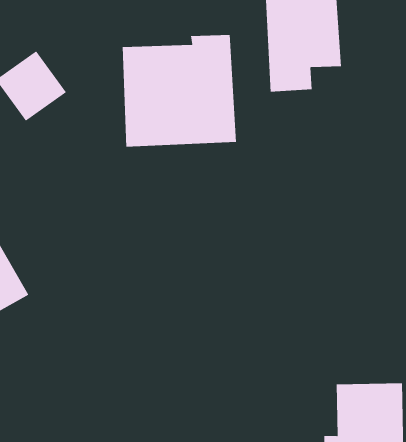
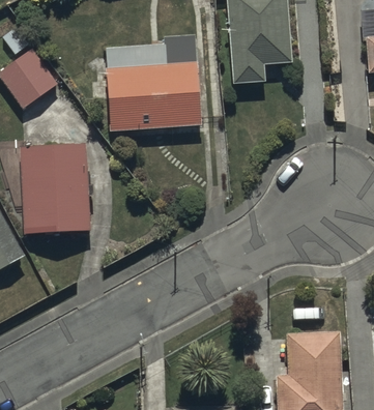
building: none -> [24,143,94,234]

